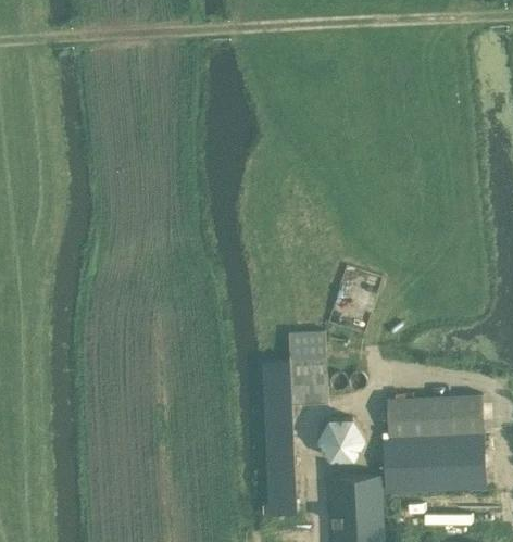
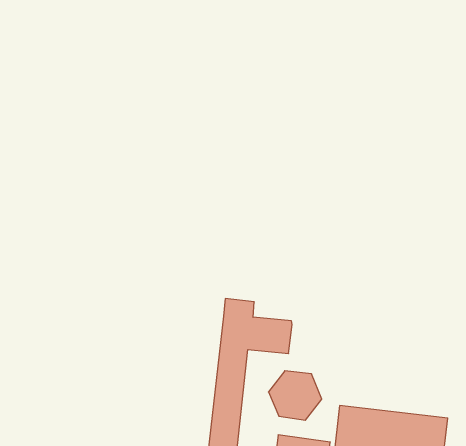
building: [289,332,327,375] -> none
building: [387,396,485,438] -> none

